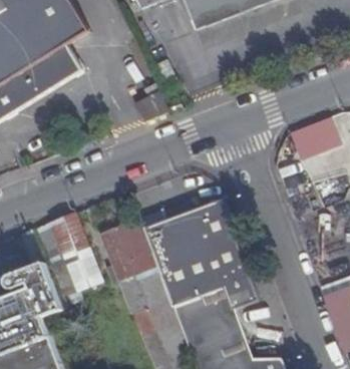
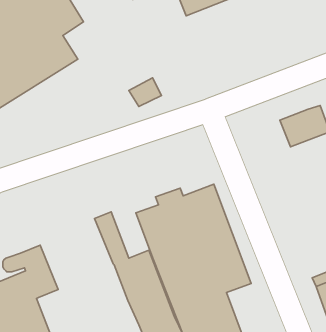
building: [33,208,98,301] -> none
building: [115,218,153,273] -> none

